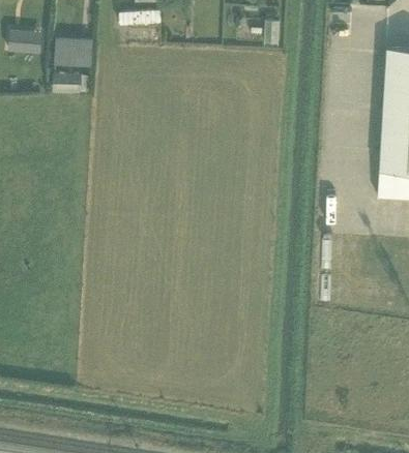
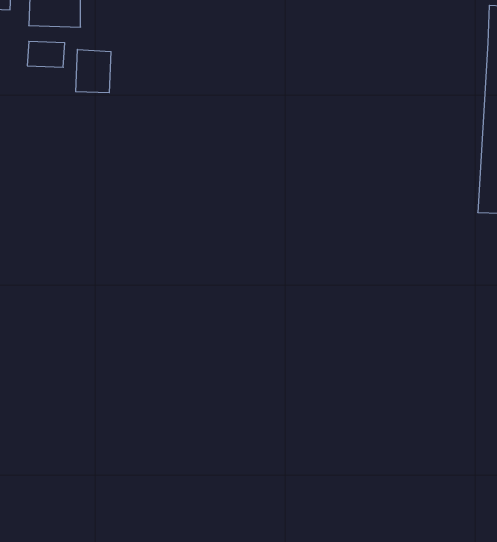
building: none -> [76,49,111,93]

